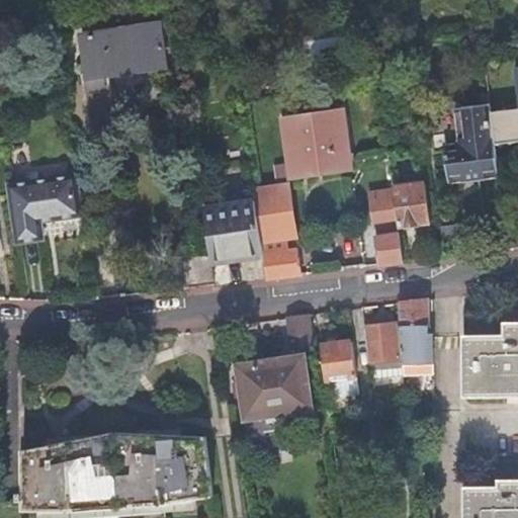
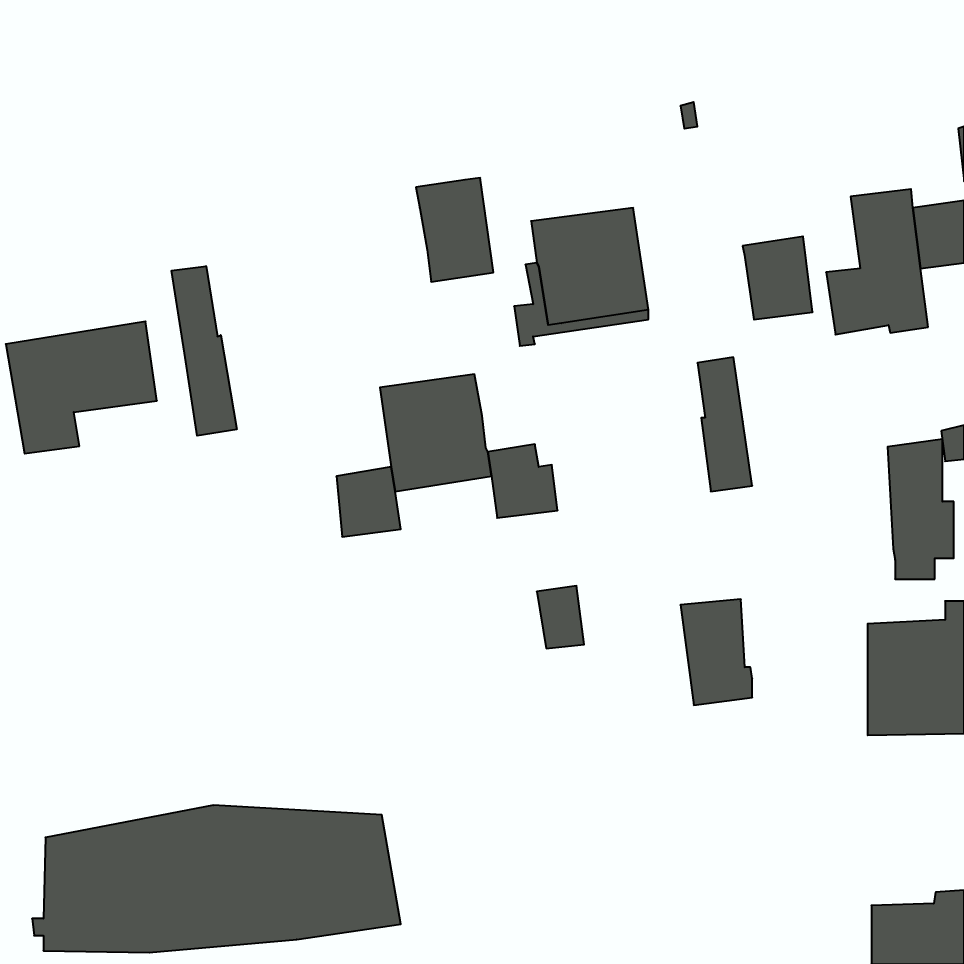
building: [82,20,163,136] -> none
building: none -> [172,266,237,436]
building: [392,181,429,226] -> [743,236,813,320]
building: [252,184,293,240] -> [416,178,493,282]
building: [399,298,434,373] -> [888,439,954,579]
building: [323,340,358,390] -> none
building: [241,358,314,422] -> none

